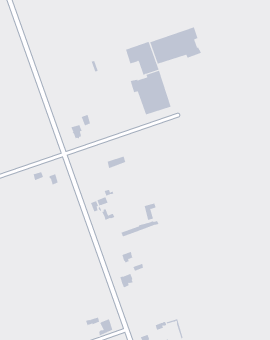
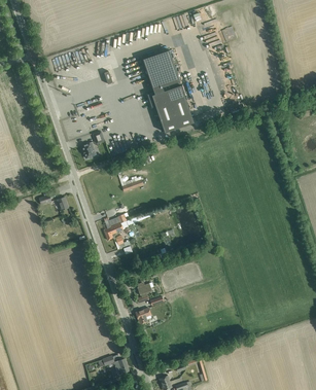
building: [150,26,202,64] -> none

